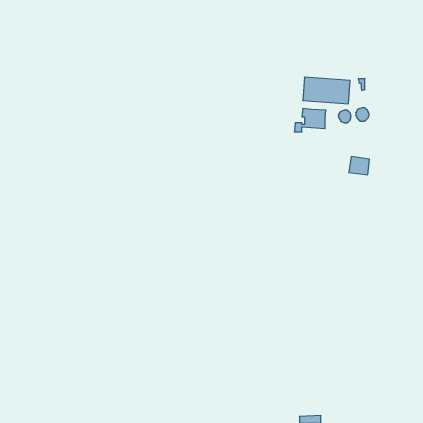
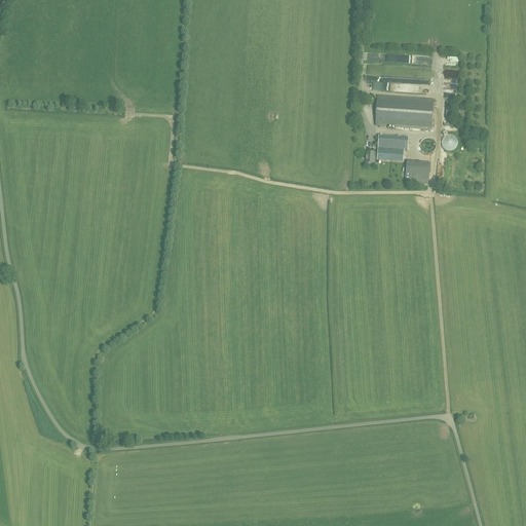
building: [349,157,369,175] -> [404,159,429,182]

